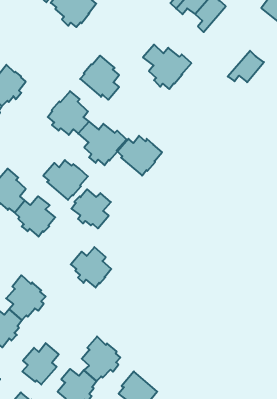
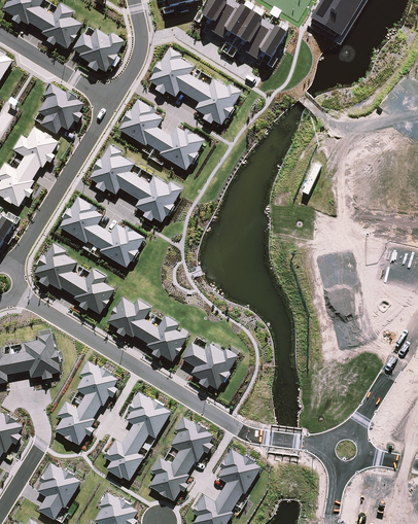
building: none -> [148,48,196,97]
building: none -> [37,83,83,135]
building: [228,51,264,82] -> [249,23,287,60]
building: none -> [59,197,104,245]
building: [117,136,162,176] -> [153,127,204,171]
building: [71,189,111,228] -> [107,298,150,340]
building: none -> [180,342,237,389]
building: none -> [124,392,170,443]

